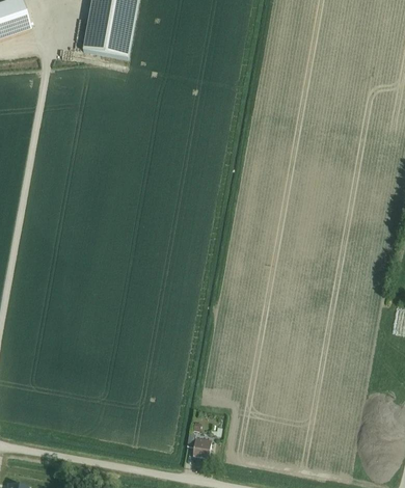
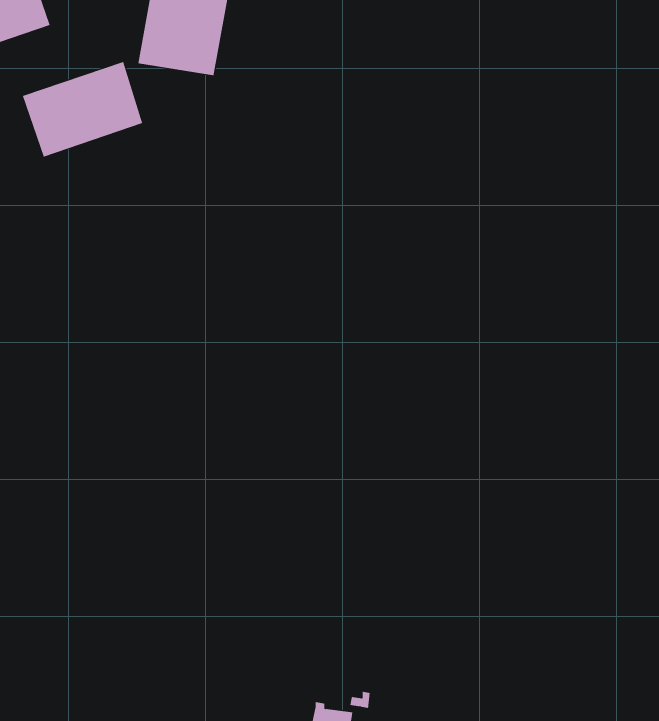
building: none -> [22,61,143,157]

